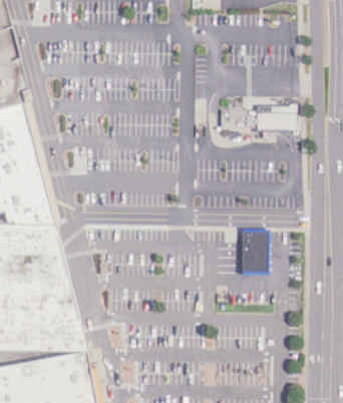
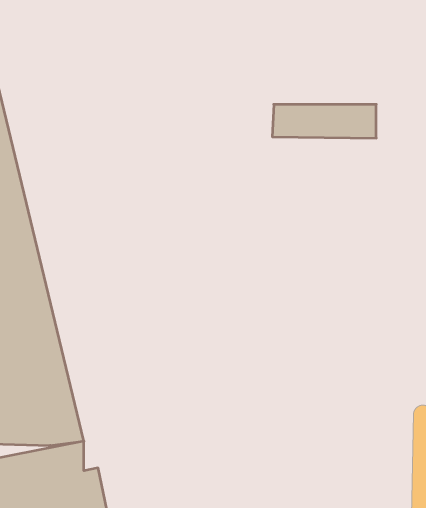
building: [245,231,271,274] -> none

